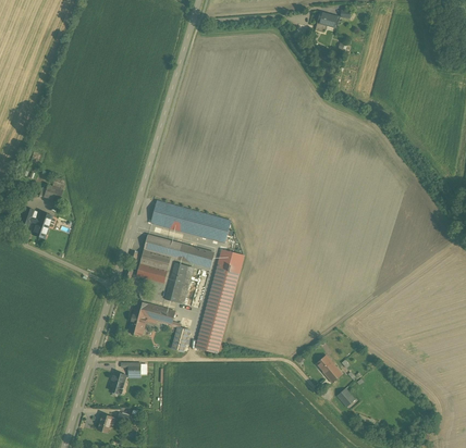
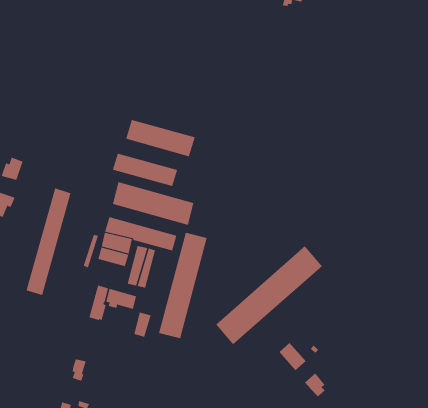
building: none -> [125,119,195,157]
building: none -> [112,153,178,187]
building: none -> [26,188,71,296]
building: none -> [215,246,323,345]

